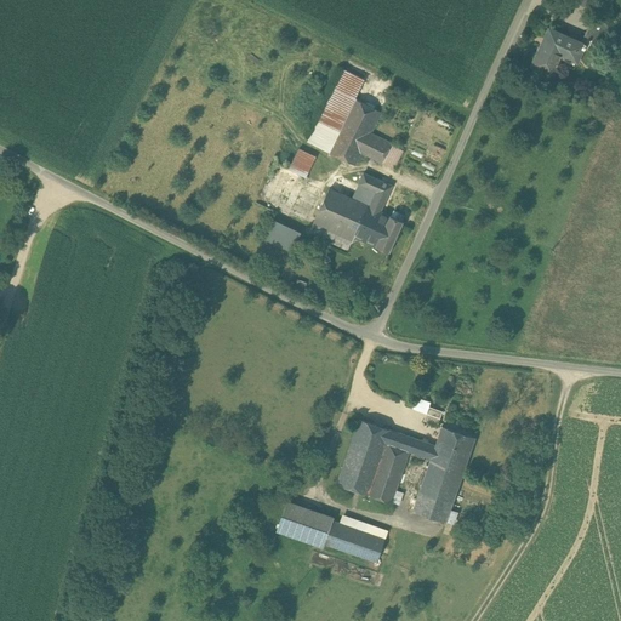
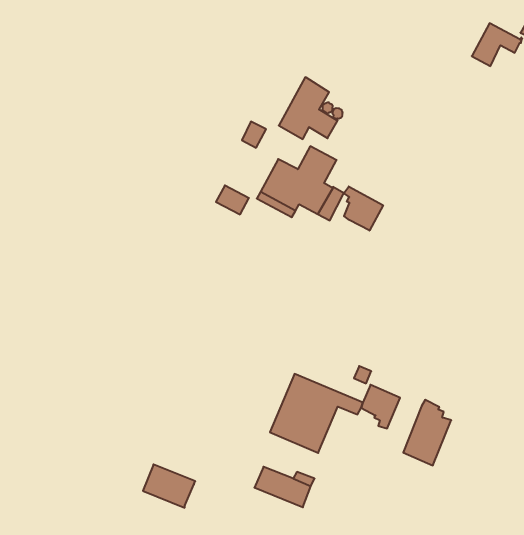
building: [309,70,364,153] -> none
building: none -> [344,186,383,231]
building: [414,452,463,523] -> [403,400,451,465]
building: [278,502,334,547] -> [143,464,195,508]

